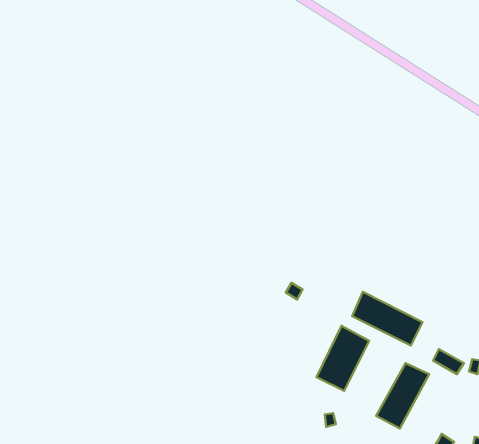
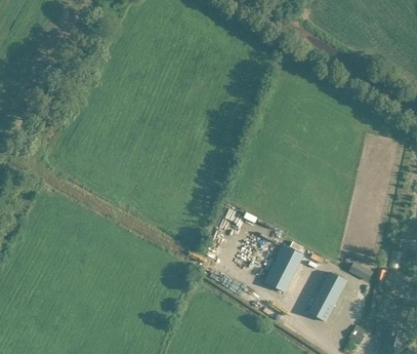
building: [352,292,422,345] -> none

